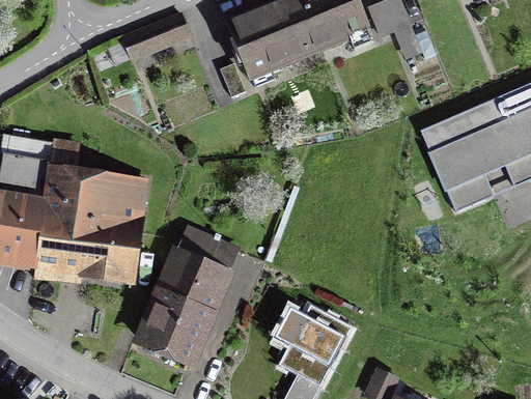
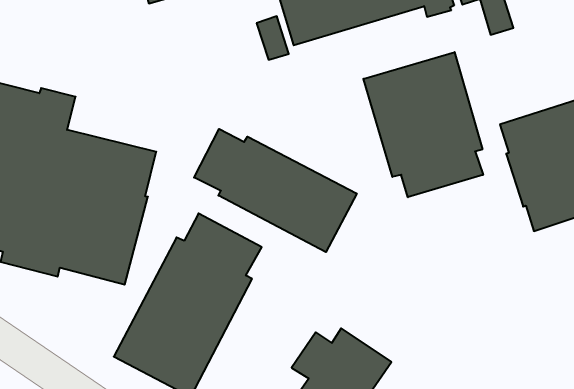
building: none -> [363,52,483,197]
building: none -> [194,129,357,252]

